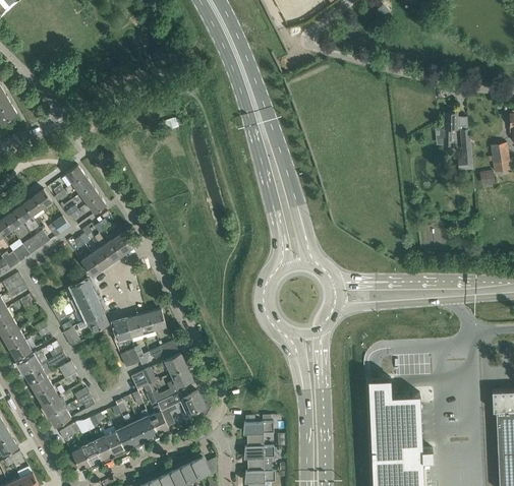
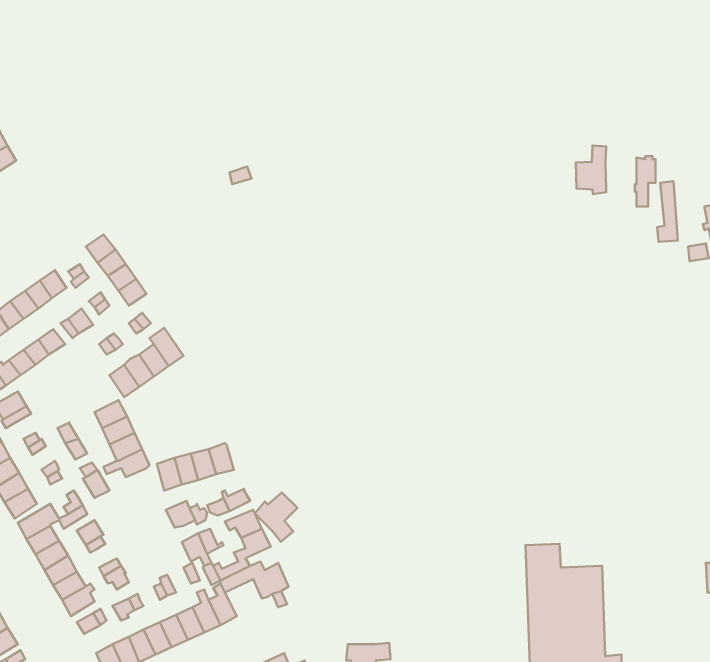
building: none -> [576,145,606,194]
building: none -> [255,492,297,542]
building: [243,422,274,447] -> none

